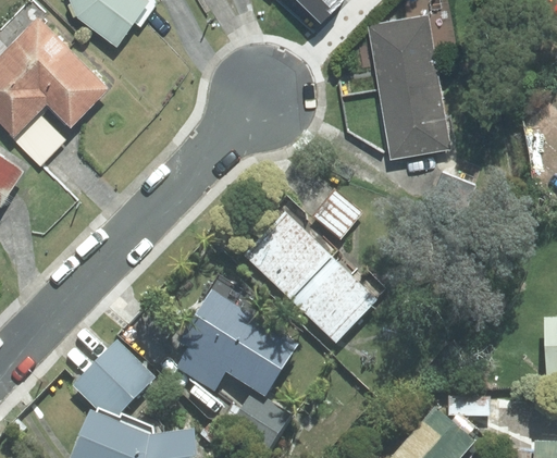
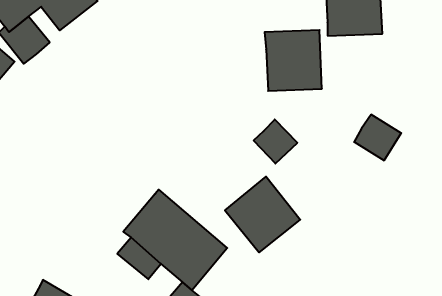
building: [377,76,451,153] -> [265,30,322,91]
building: [239,211,330,301] -> none
building: [69,339,153,418] -> none

